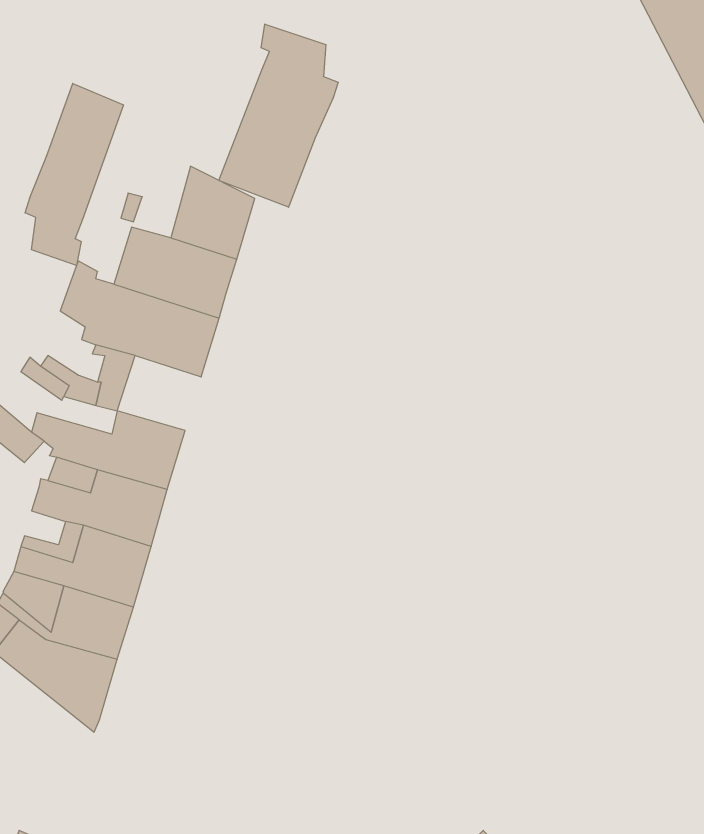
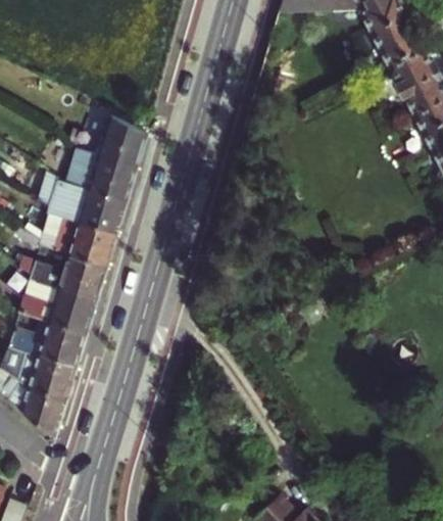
building: [219,24,338,207] -> none
building: [25,83,124,266] -> none
building: none -> [67,225,115,268]

